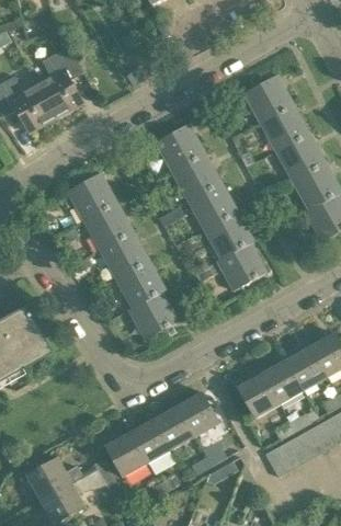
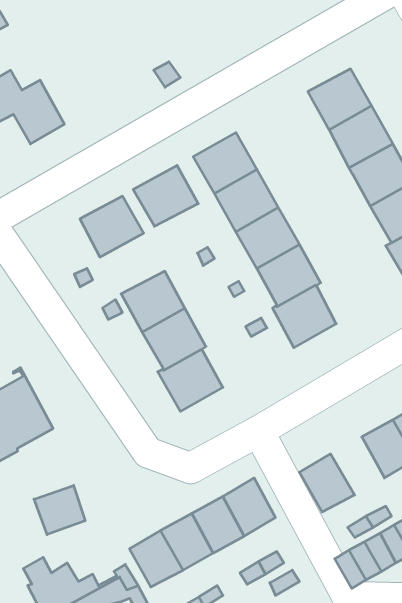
building: [36,46,82,117] -> none
building: [82,202,133,249] -> [133,165,198,226]
building: [261,359,303,404] -> none
building: none -> [34,485,85,535]

